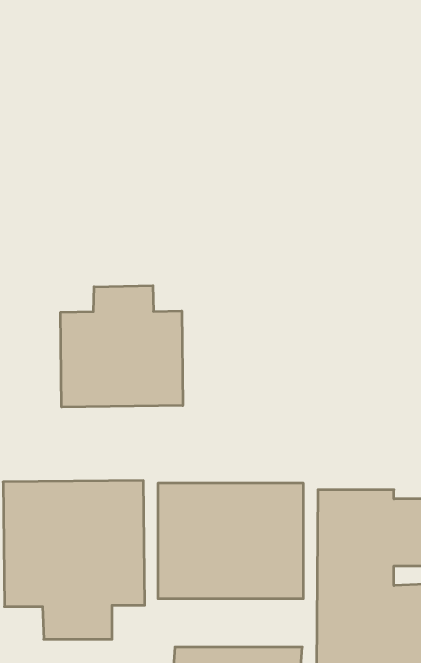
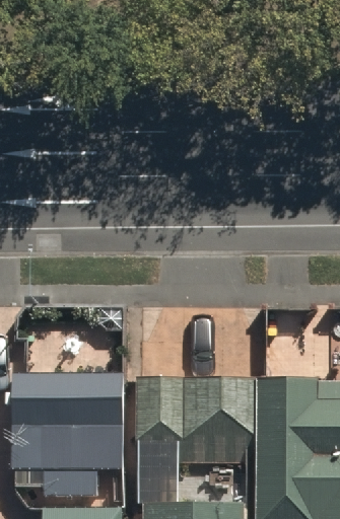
building: [61,286,183,407] -> none

